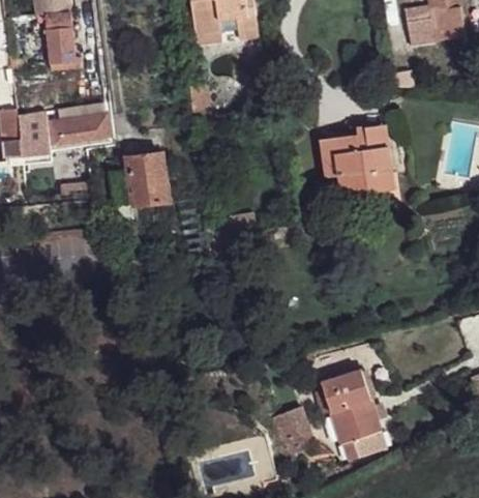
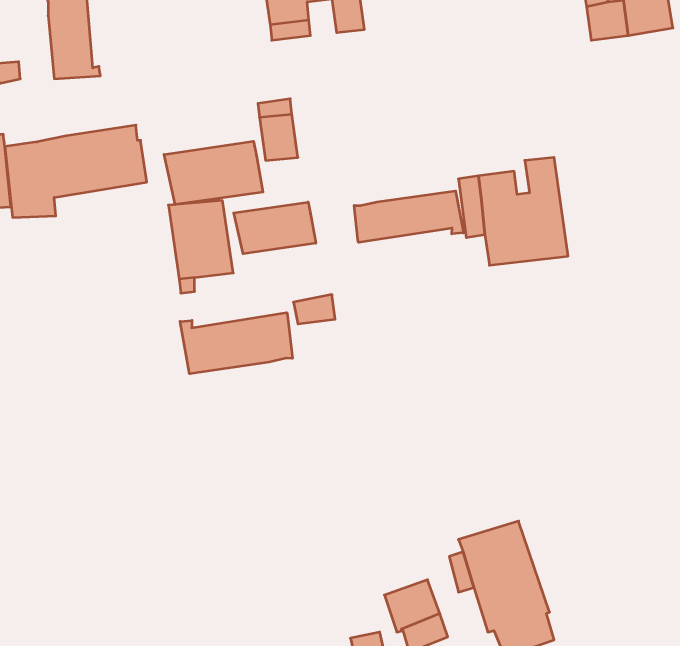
building: none -> [164,141,263,205]
building: none -> [354,191,463,242]
building: none -> [234,202,316,254]
building: none -> [180,313,292,374]

